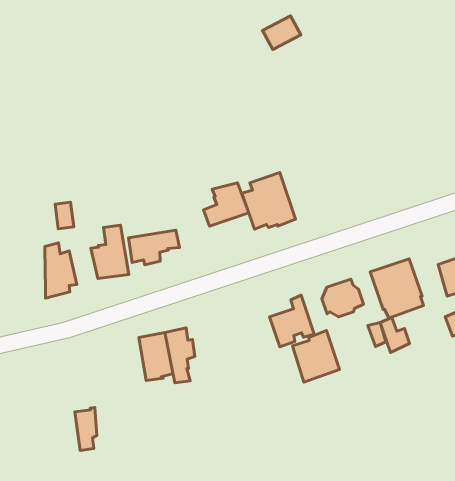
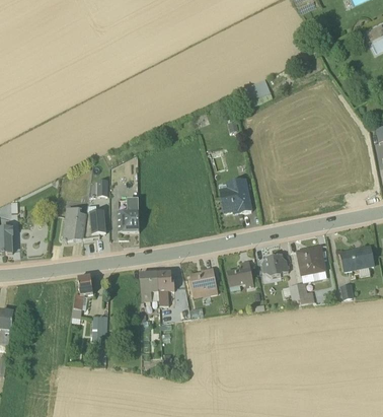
building: [203,183,249,226] -> none
building: [128,230,179,265] -> none
building: none -> [62,207,86,240]
building: [293,330,340,382] -> [189,266,218,297]
building: none -> [72,275,93,317]

